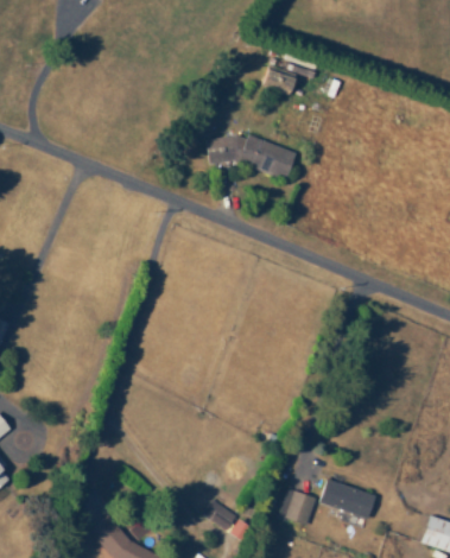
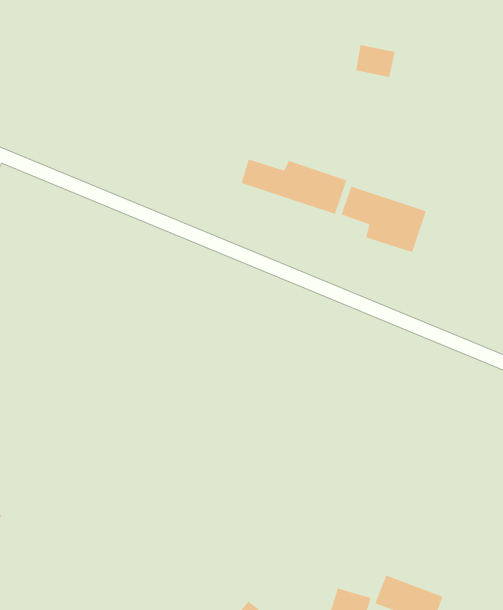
building: [262,65,296,93] -> [355,45,396,78]
building: none -> [341,186,426,253]

